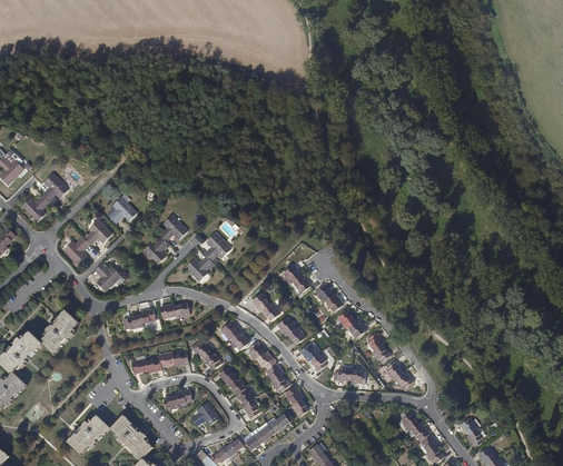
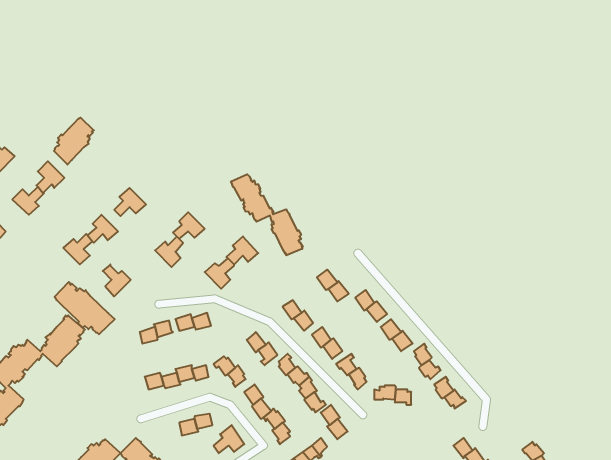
building: none -> [54,118,94,165]
building: none -> [231,174,303,255]
building: none -> [55,282,115,334]

